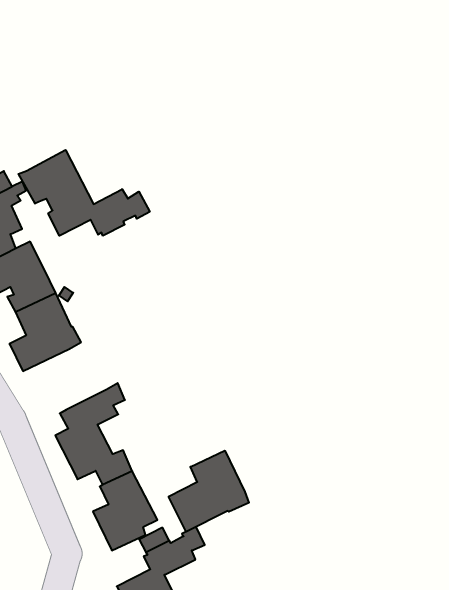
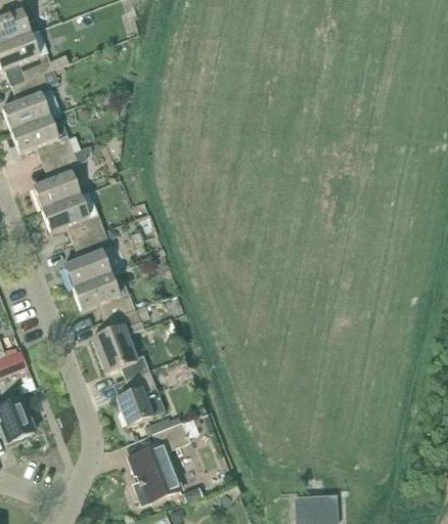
building: [18,150,150,236] -> none
building: none -> [74,273,155,319]
building: [169,451,249,532] -> none

